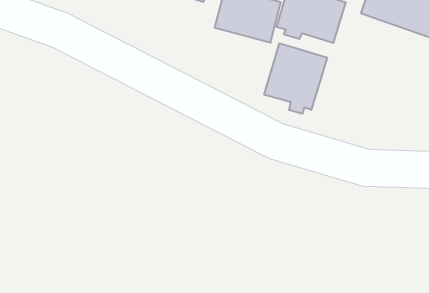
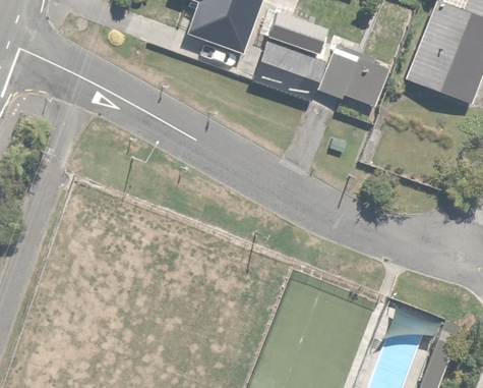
building: [264,43,327,114] -> none

